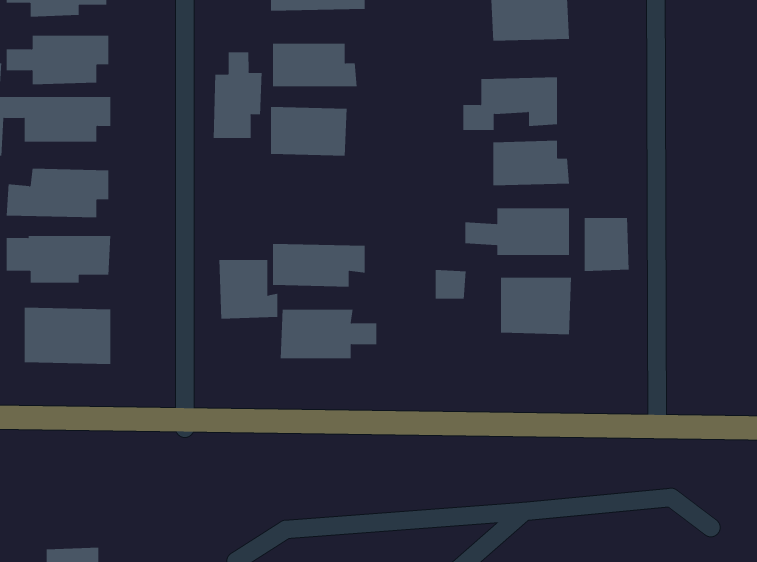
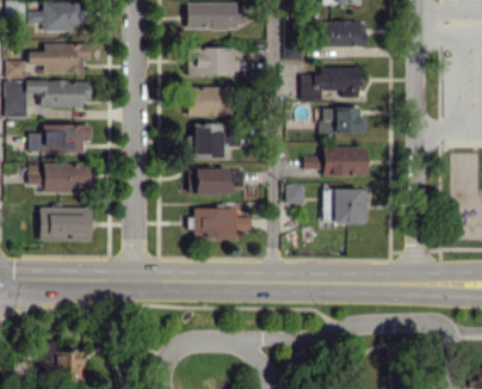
building: [213,52,262,139] -> none
building: [584,217,629,272] -> none
building: [218,259,278,319] -> [193,123,229,159]

